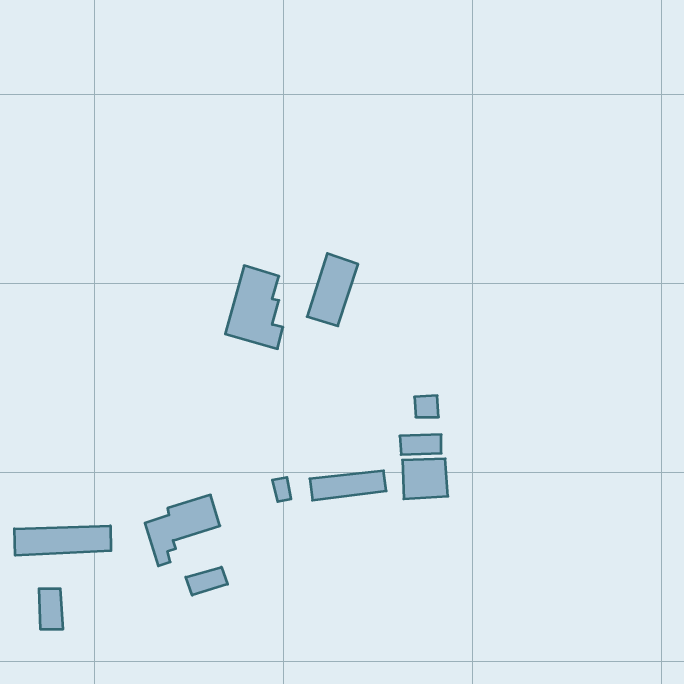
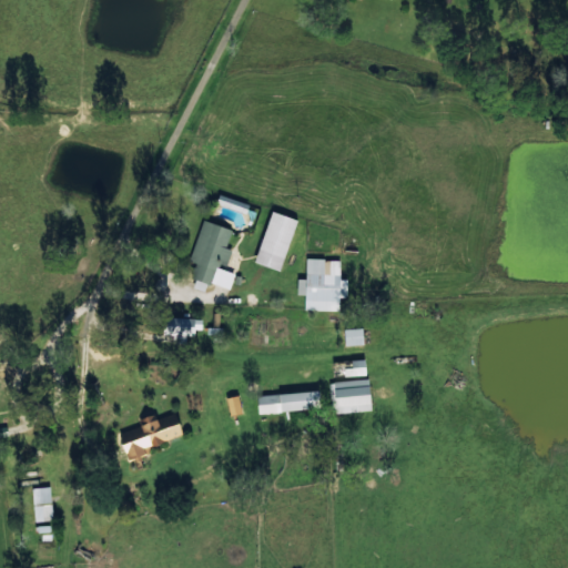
building: none -> [297,260,348,312]
building: none -> [163,318,203,344]
building: [14,526,111,555] -> none
building: [186,567,228,595] -> none

